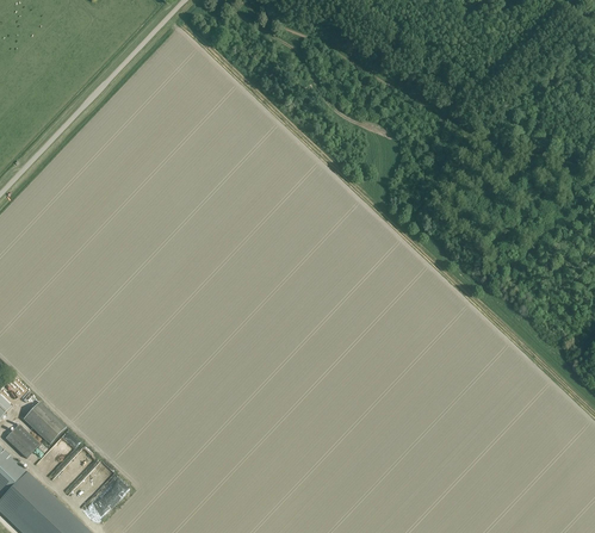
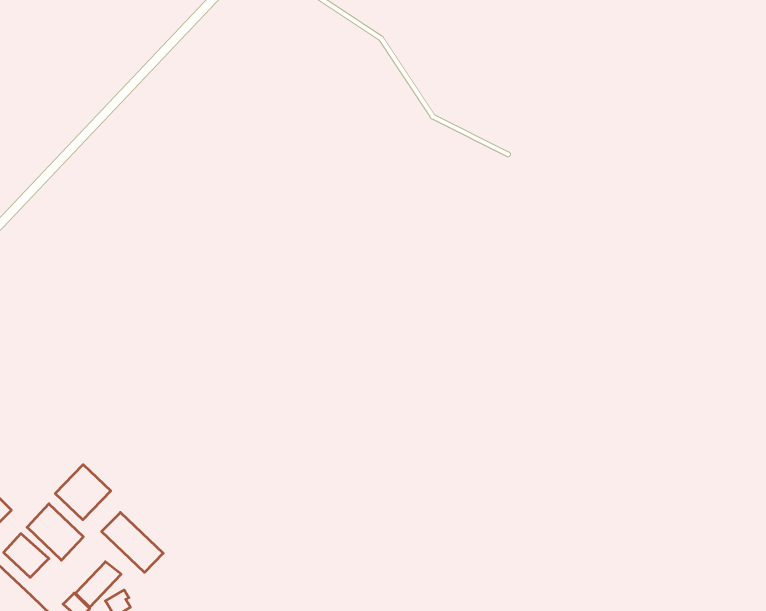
building: none -> [55,465,111,520]
building: none -> [102,512,163,572]

